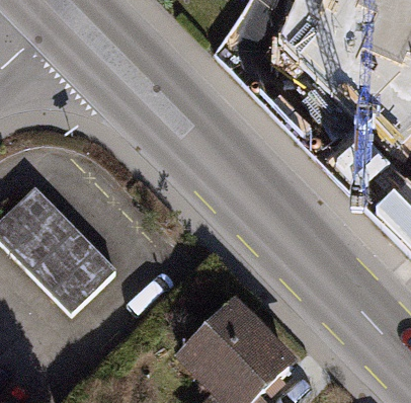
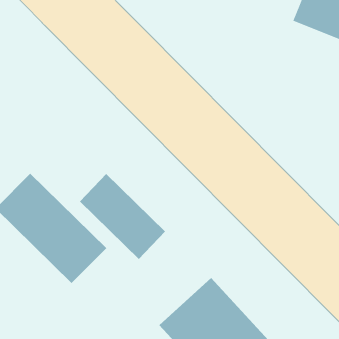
building: none -> [79,173,166,260]

